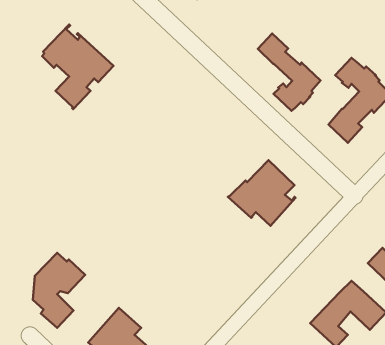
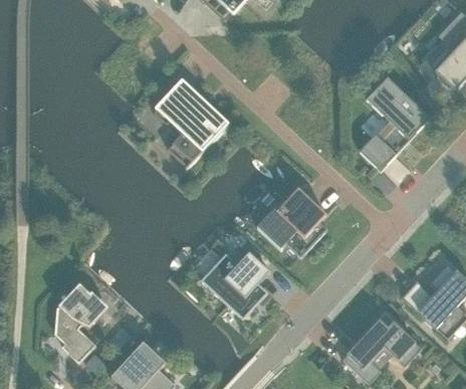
building: [42,24,114,109] -> [154,78,228,167]
building: [258,33,321,111] -> none
building: none -> [201,250,269,317]

